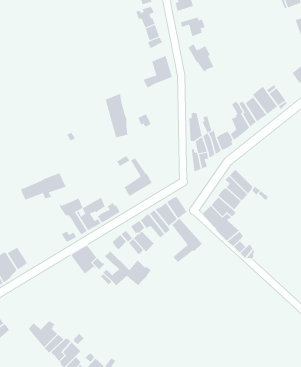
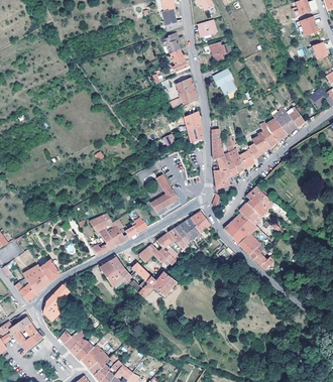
building: [105,93,128,138] -> [181,100,203,142]
building: [20,173,67,200] -> none
building: [171,218,202,263] -> none
building: none -> [43,285,70,322]

